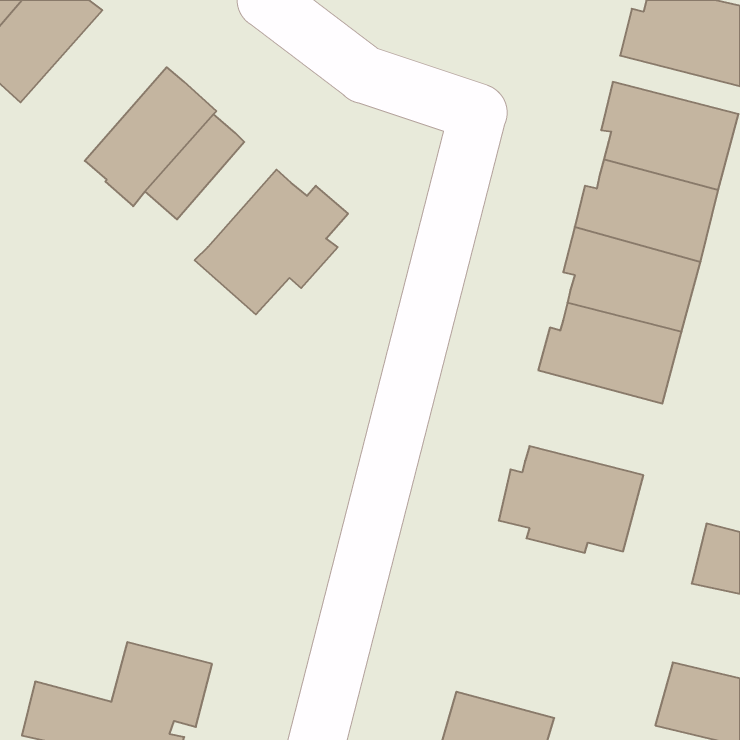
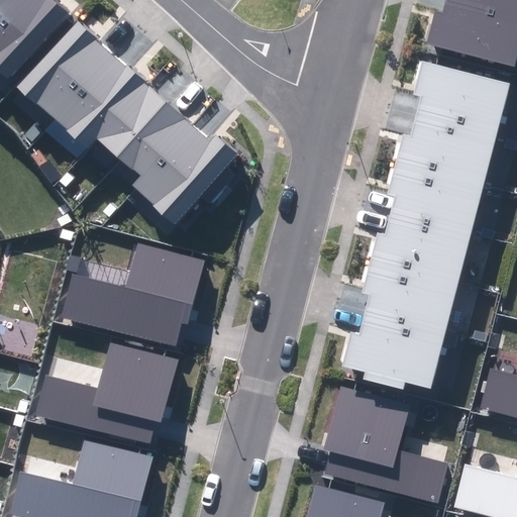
building: none -> [23,22,115,116]
building: none -> [122,103,191,176]
building: none -> [62,250,195,349]
building: none -> [364,261,457,333]
building: none -> [37,345,172,445]
building: none -> [323,383,446,502]

